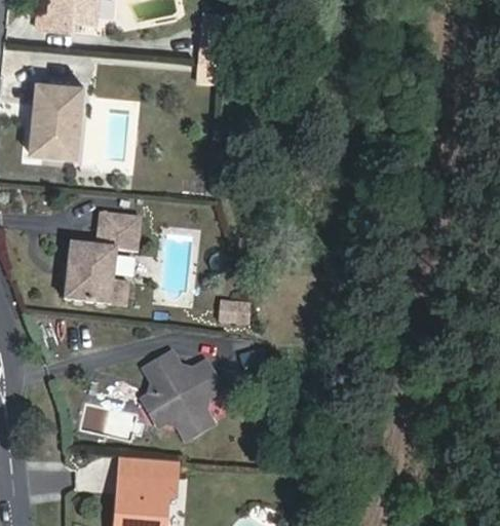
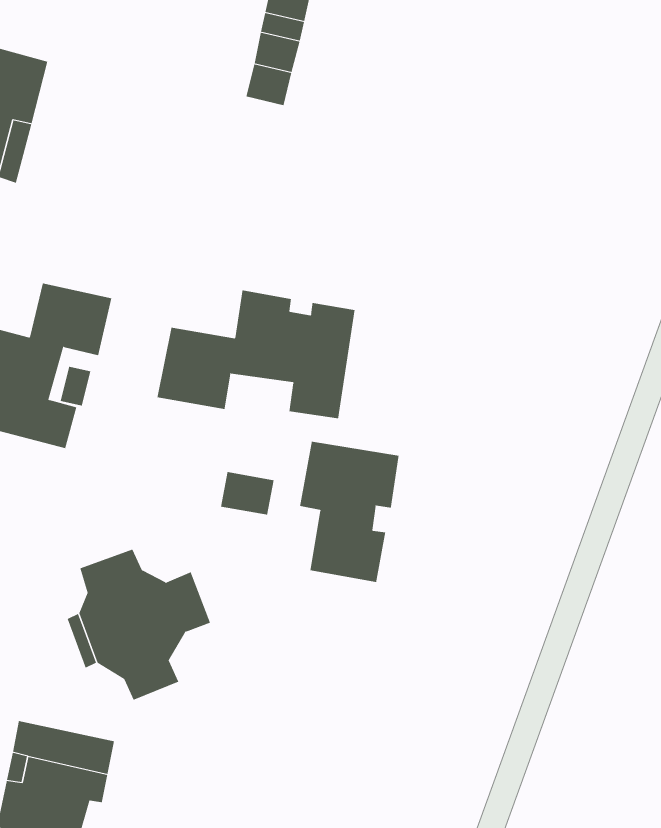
building: none -> [157,289,355,419]
building: none -> [300,441,399,583]

